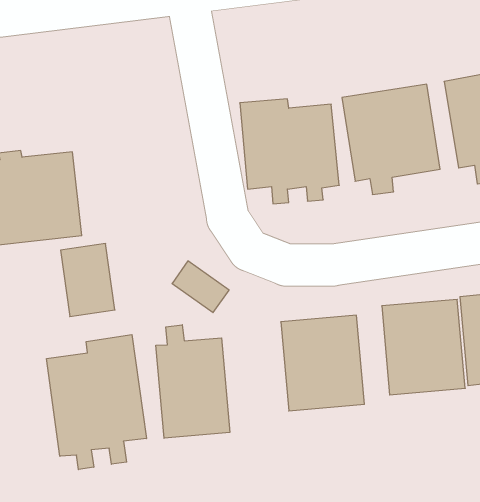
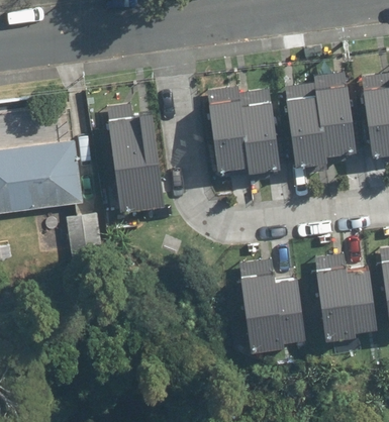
building: none -> [108,115,170,208]
building: [156,325,230,438] -> none
building: [47,335,146,470] -> none

